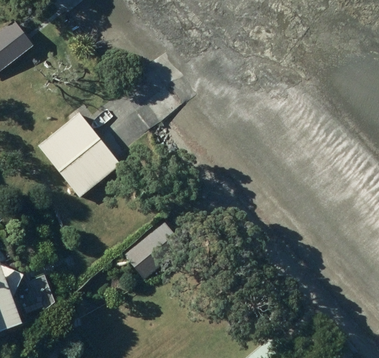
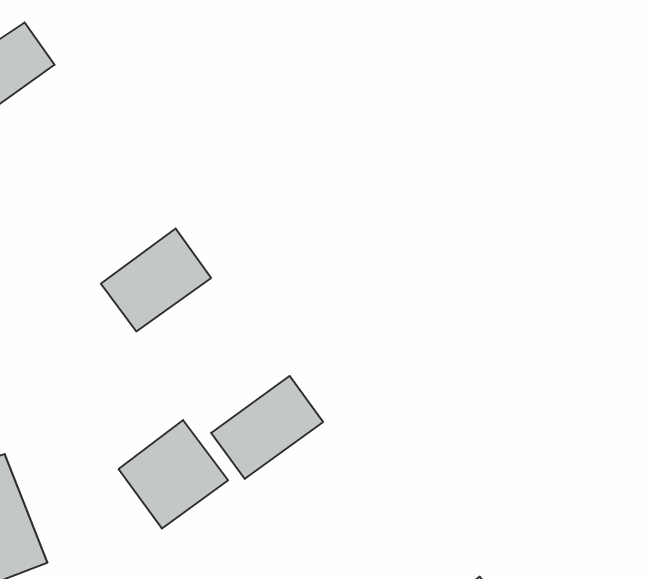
building: [41,113,101,169] -> none
building: none -> [119,420,228,529]

